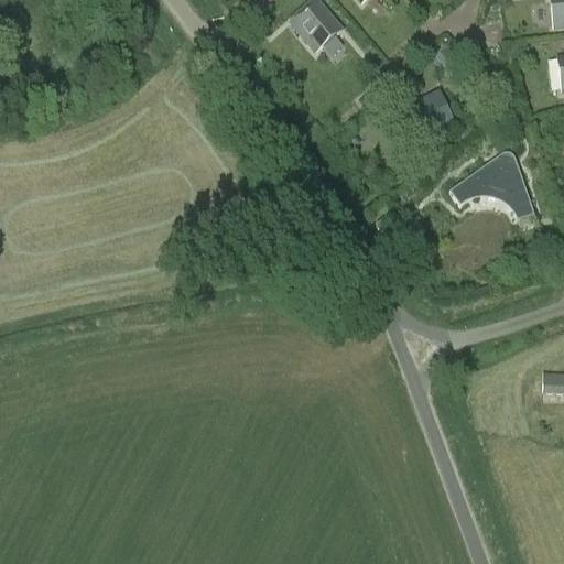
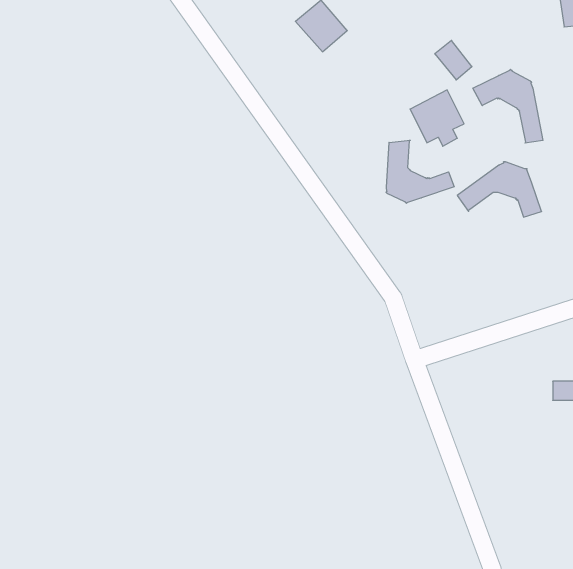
building: none -> [473,69,543,143]
building: none -> [386,140,454,203]

